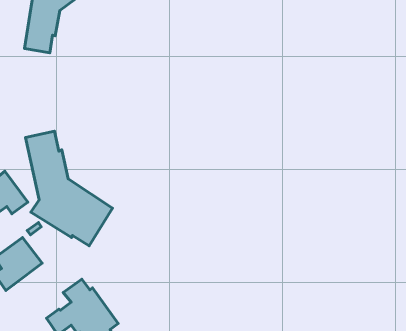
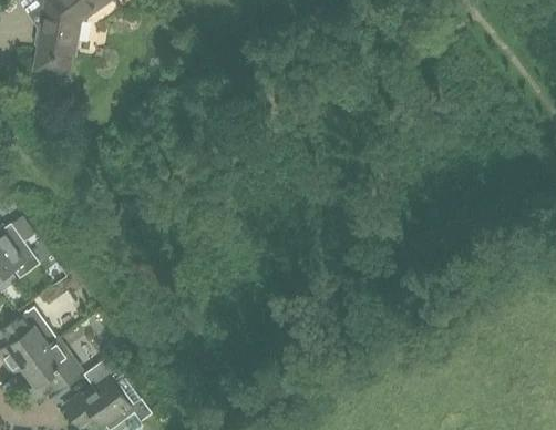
building: [26,131,112,246] -> none
building: none -> [22,340,81,391]

